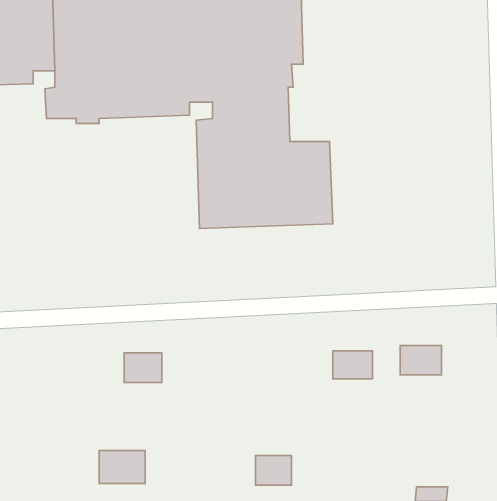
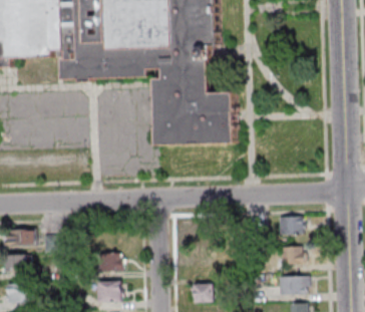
building: [333,351,372,379] -> [281,246,305,263]
building: [124,353,162,382] -> [99,252,122,270]
building: none -> [278,275,309,294]

